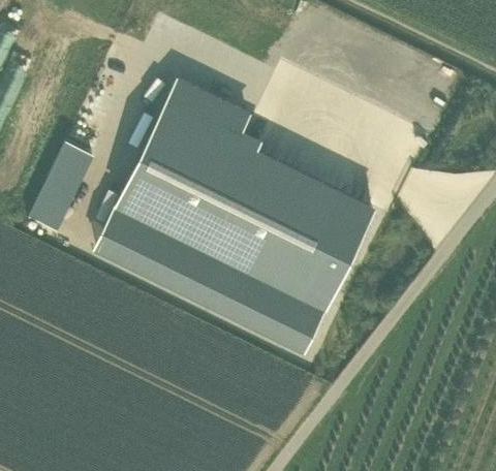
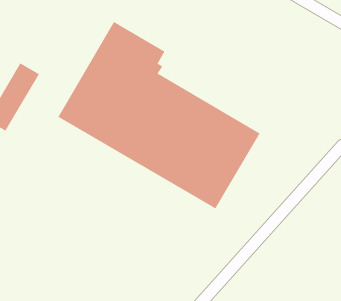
building: [96,207,323,350] -> none

